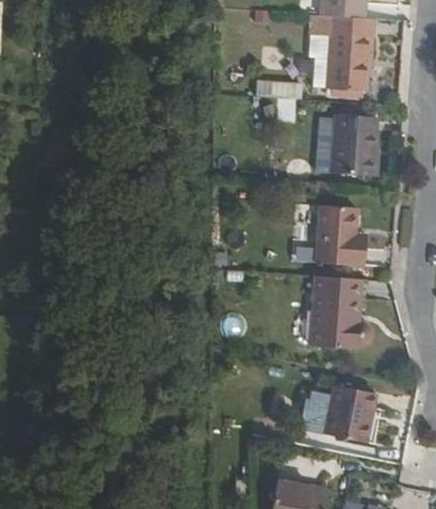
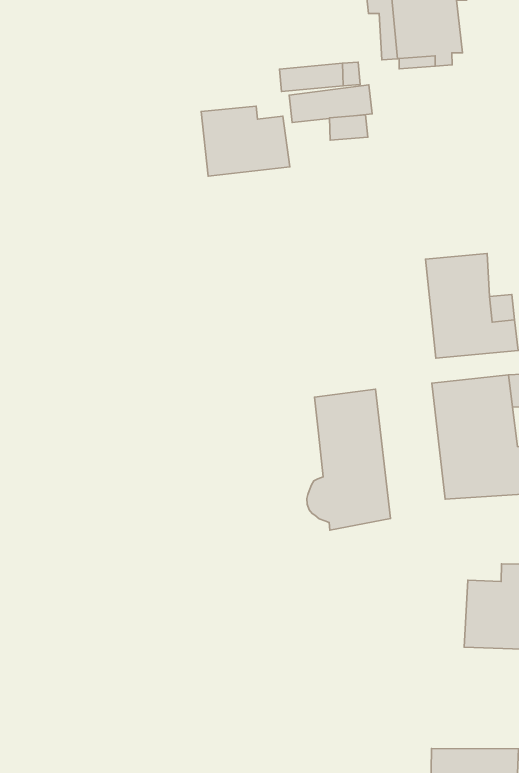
building: none -> [201,106,290,176]
building: [329,112,375,173] -> none
building: none -> [307,389,390,530]

